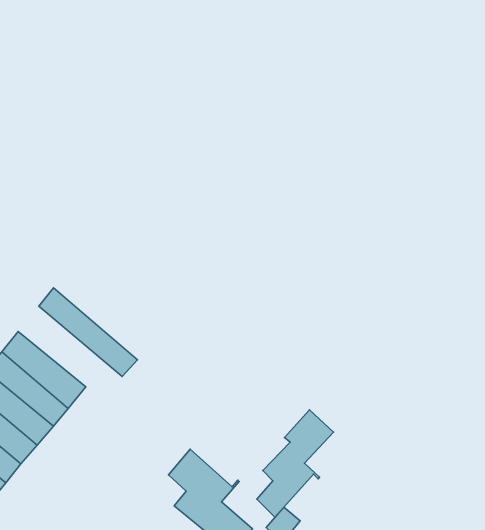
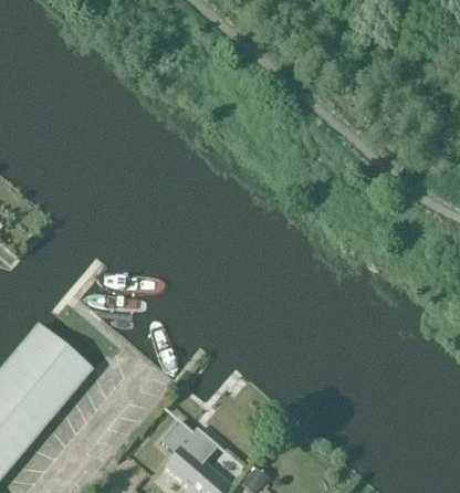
building: [39,288,138,376] -> none
building: [257,410,333,517] -> none

